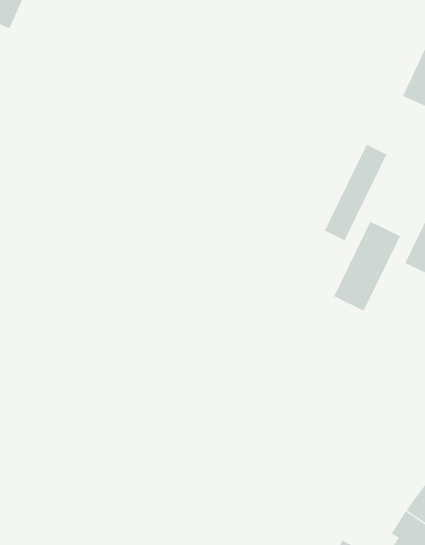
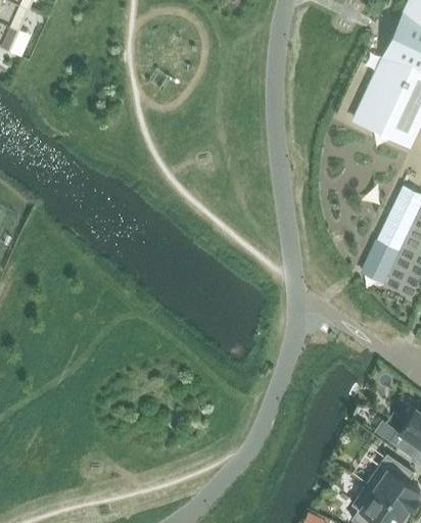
building: [324,144,387,241] -> none
building: [333,221,401,312] -> none

